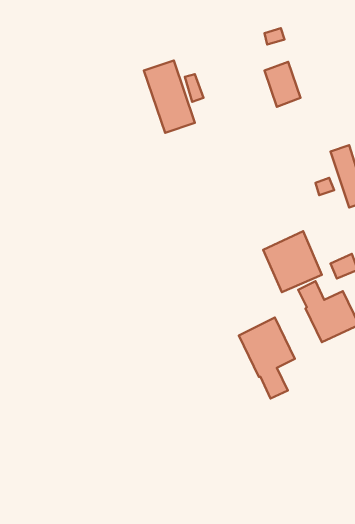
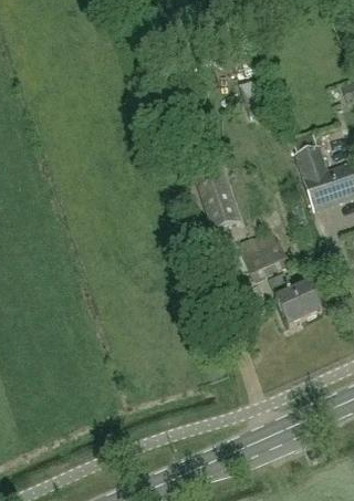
building: [144,61,195,133] -> [194,164,239,228]
building: [239,318,295,399] -> none

